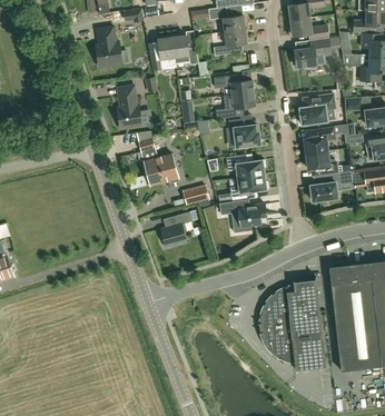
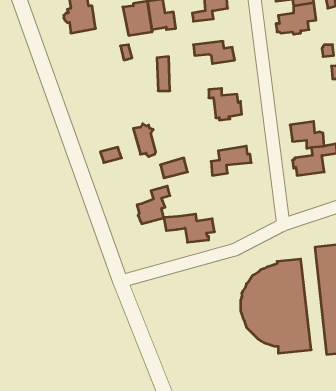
building: [115,85,152,128] -> none
building: [216,92,255,119] -> none
building: [298,93,336,126] -> none
building: [303,127,335,153] -> none
building: [138,137,165,185] -> none
building: [227,155,266,178] -> none
building: [219,199,267,226] -> [164,214,215,242]

